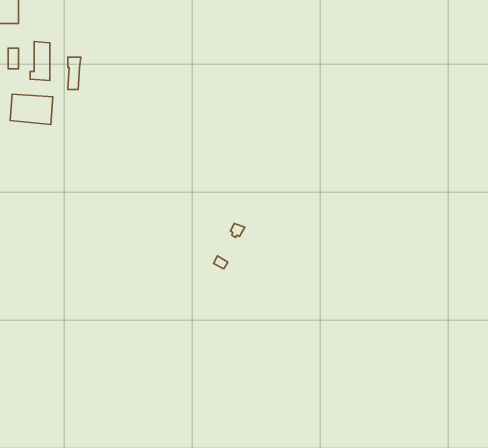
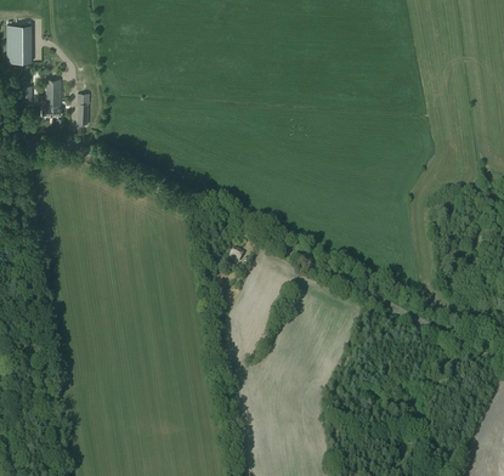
building: [10,94,53,124] -> none

